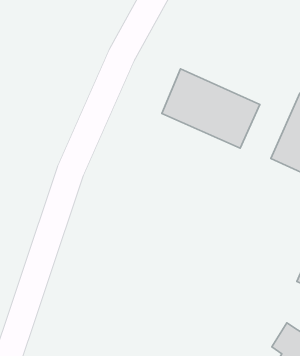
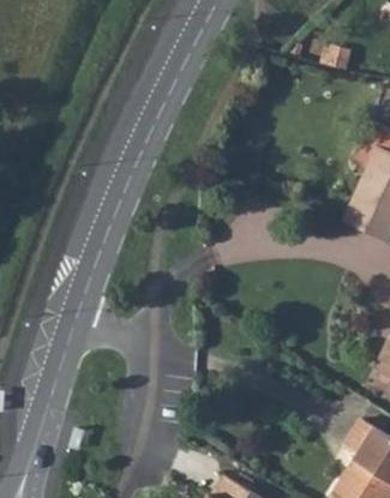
building: [162,69,260,148] -> none

